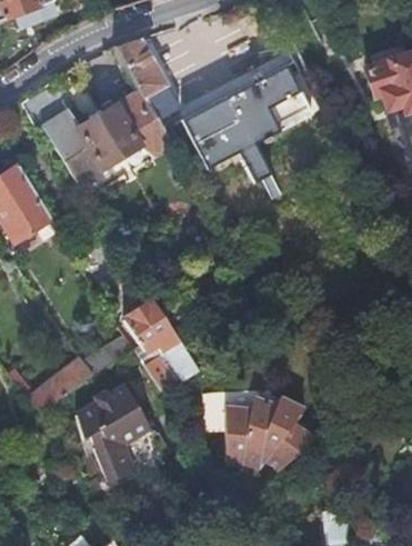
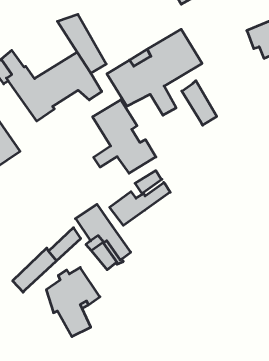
building: none -> [182,81,217,125]
building: none -> [93,100,156,173]
building: none -> [110,171,170,225]
building: [225,393,314,467] -> none

